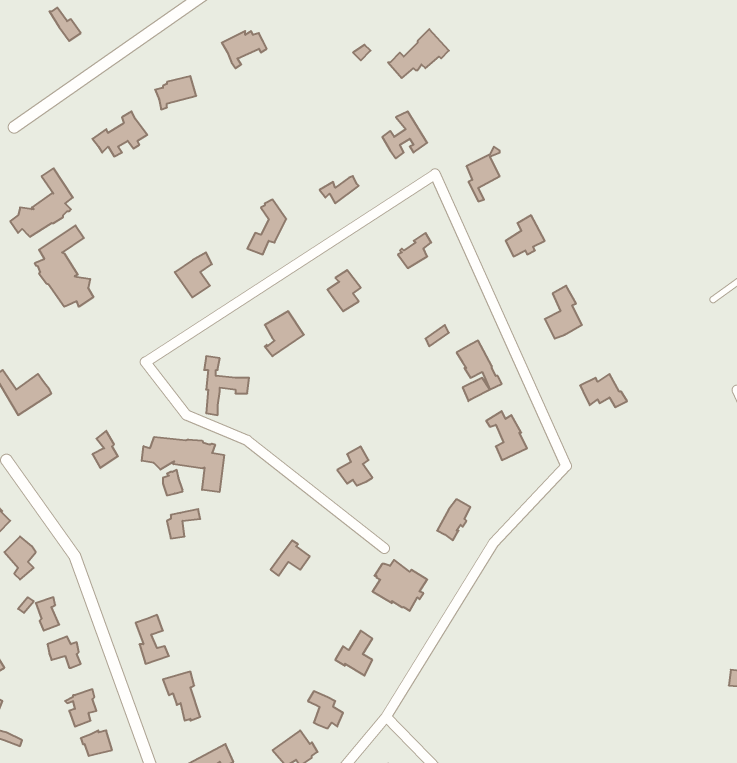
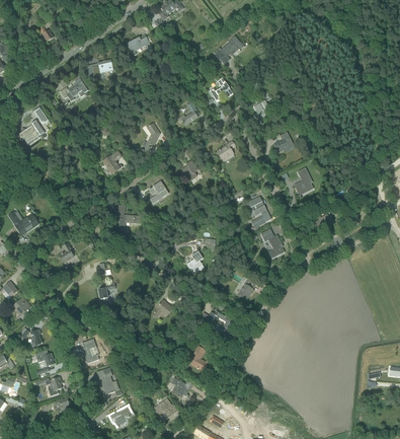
building: [35,225,93,307] -> none
building: [142,437,224,492] -> none

